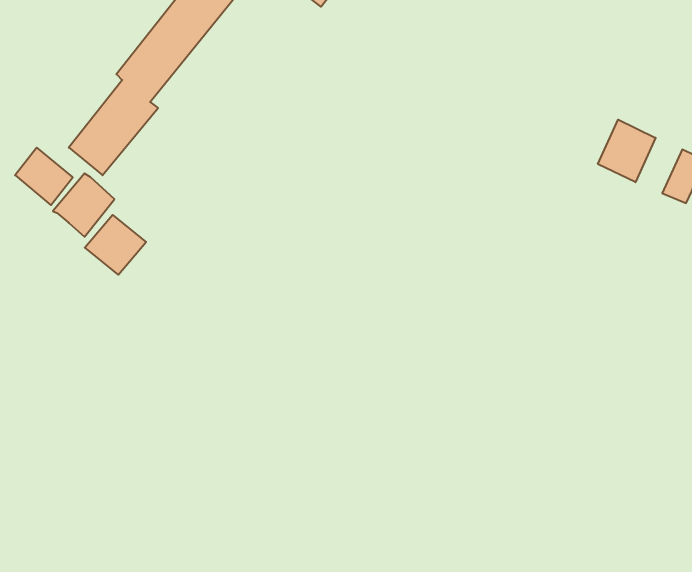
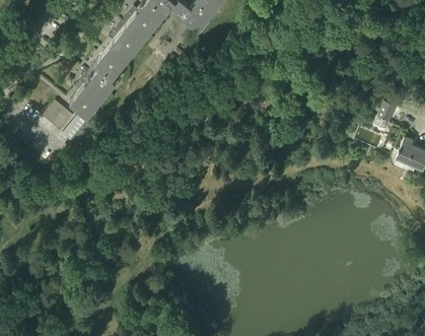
building: [598,120,656,182] -> none
building: [85,215,146,275] -> none

